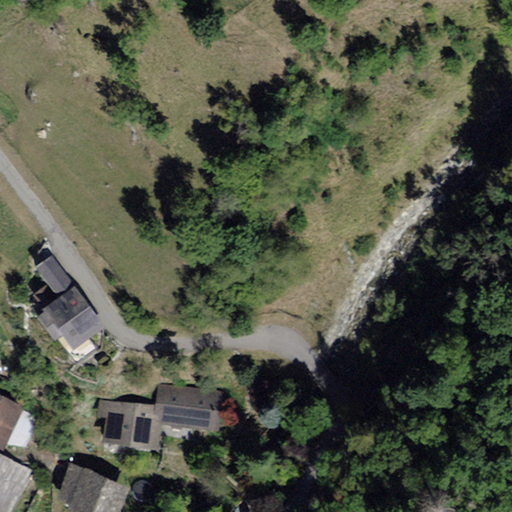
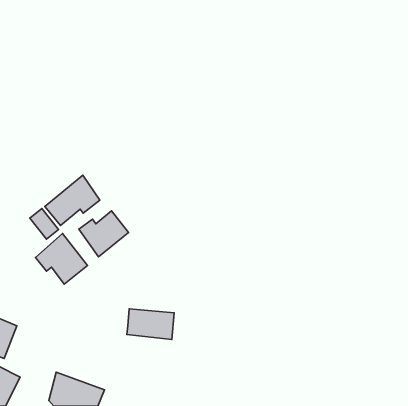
building: none -> [45,175,100,225]
building: none -> [79,211,129,257]
building: [97,400,159,450] -> none

